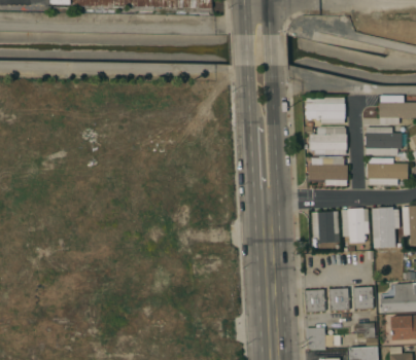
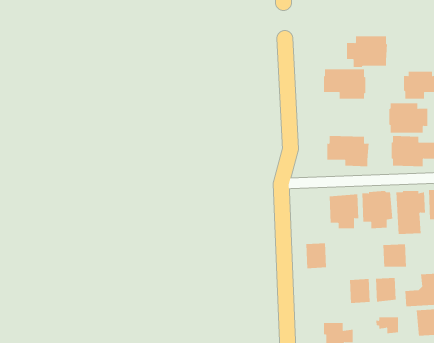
building: [309,128,347,156] -> [346,36,388,67]
building: none -> [383,243,407,268]
building: [305,289,324,313] -> [306,243,327,269]

